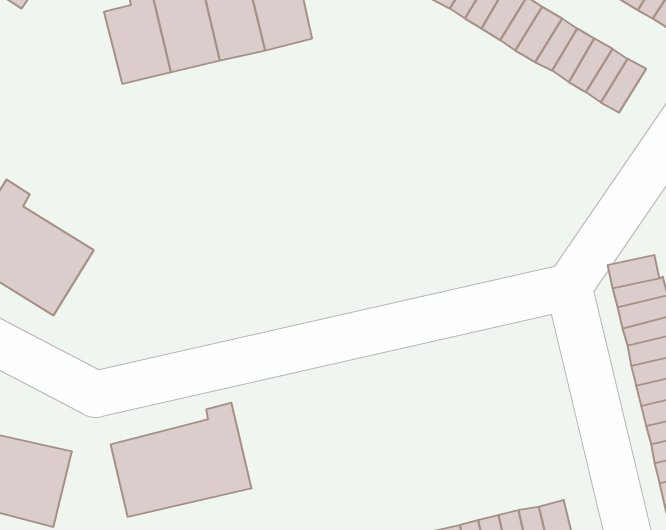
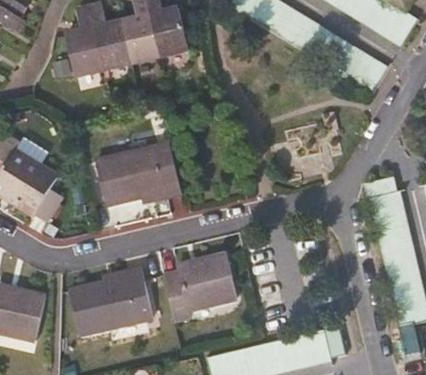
building: none -> [95,142,181,203]
building: none -> [163,253,236,321]

